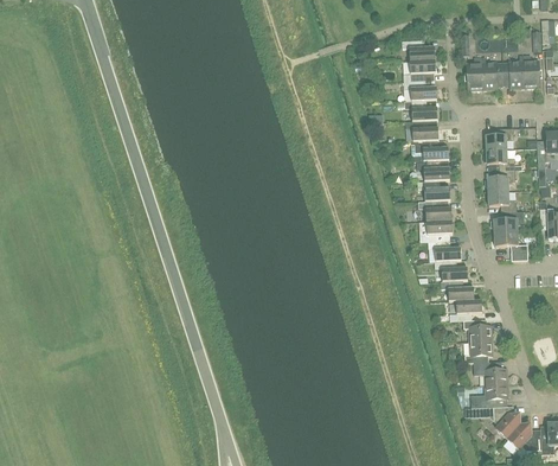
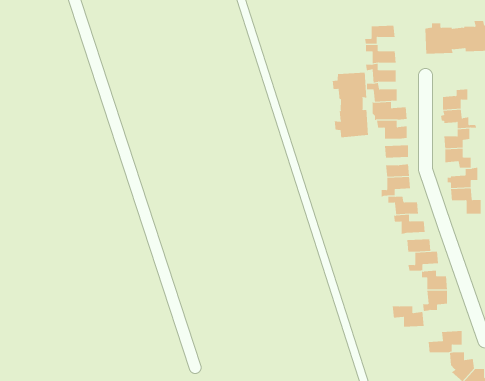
building: [402,38,435,59] -> none
building: none -> [332,72,368,138]
building: [473,360,507,383] -> [392,306,424,327]

